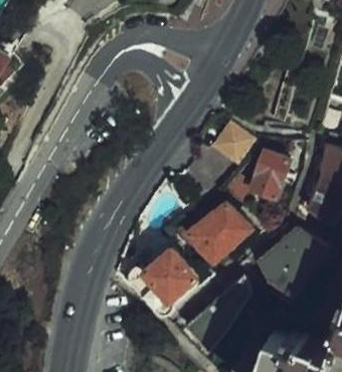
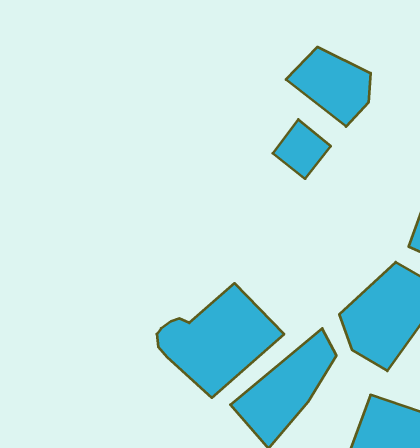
building: none -> [286,47,371,127]
building: [247,157,288,198] -> none
building: [187,195,261,264] -> none

